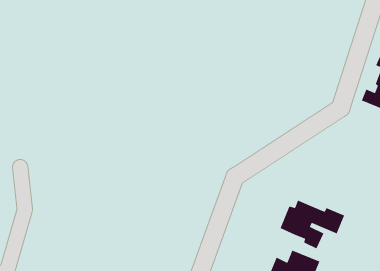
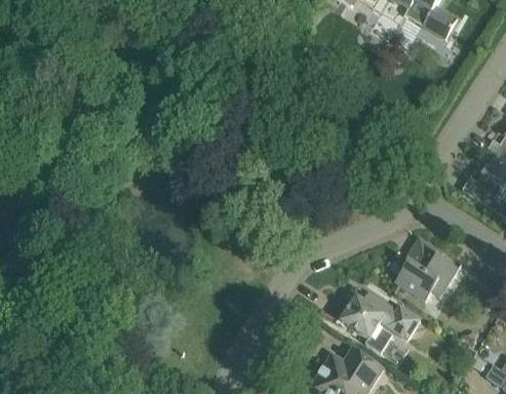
building: none -> [394,237,458,302]

